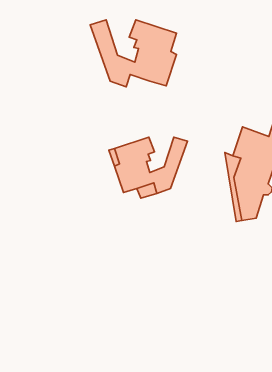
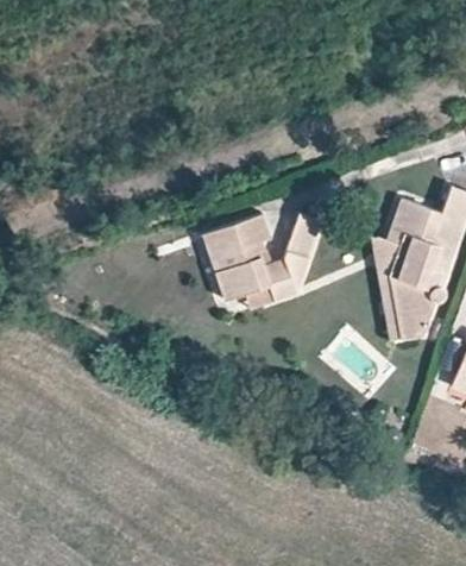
building: [90,20,177,87] -> none

